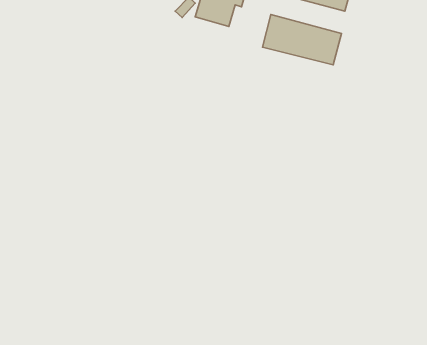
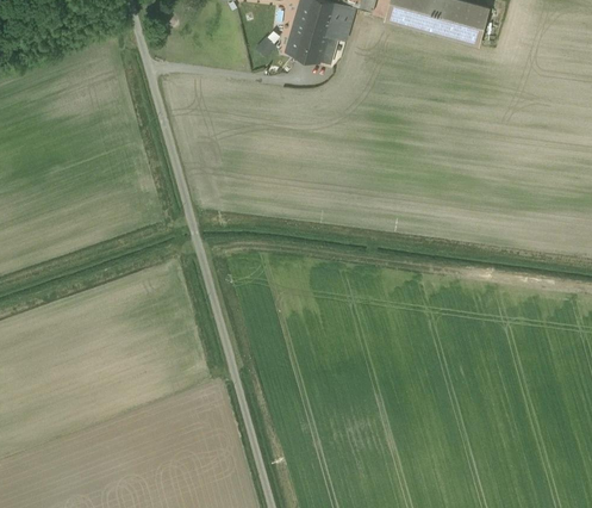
building: [263,15,342,65] -> none

